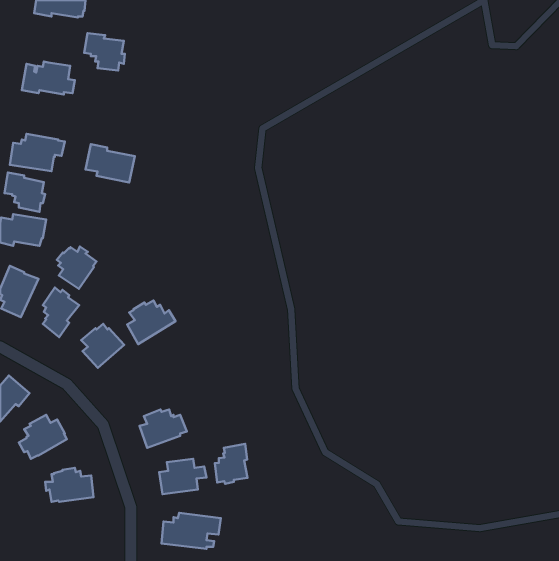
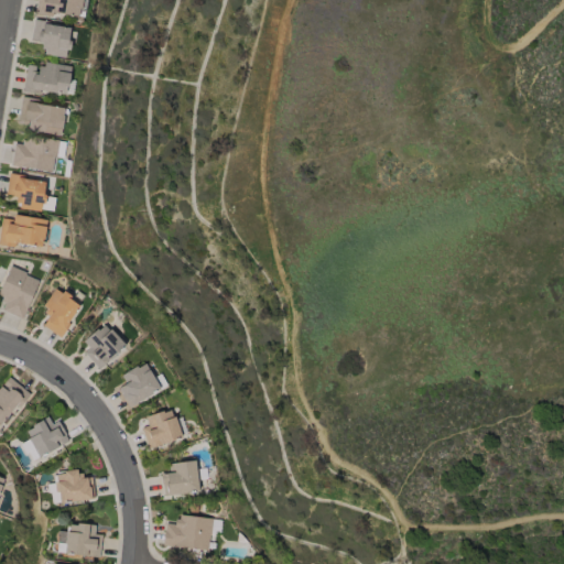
building: [84,33,125,70] -> [32,20,73,57]
building: [85,144,135,183] -> [18,97,67,135]
building: [57,246,96,289] -> none
building: [127,300,175,344] -> [120,364,169,408]
building: [215,444,248,484] -> none
building: none -> [58,523,104,558]

